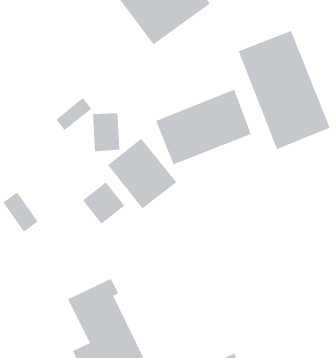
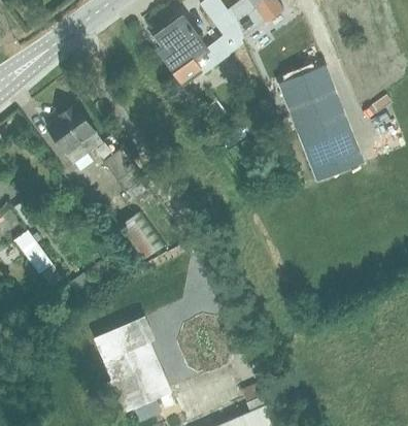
building: none -> [43,100,102,162]
building: [156,89,251,165] -> none
building: [107,138,177,209] -> none

